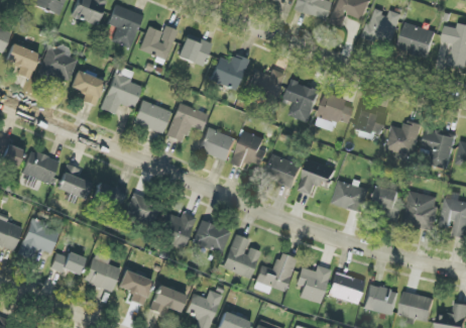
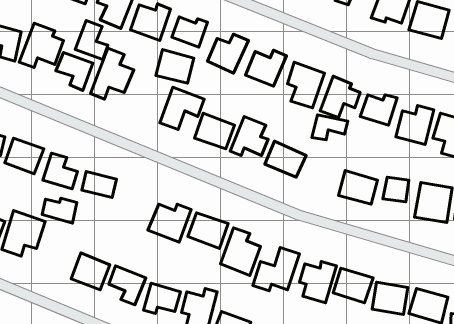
building: none -> [75,20,108,59]
building: [134,101,169,132] -> [156,49,194,83]
building: [300,171,333,194] -> [312,115,348,140]
building: [125,194,157,224] -> none
building: [51,252,84,276] -> [42,198,77,223]

